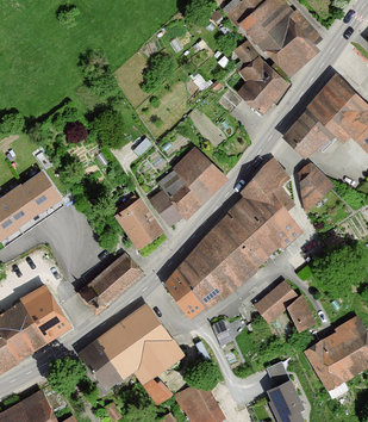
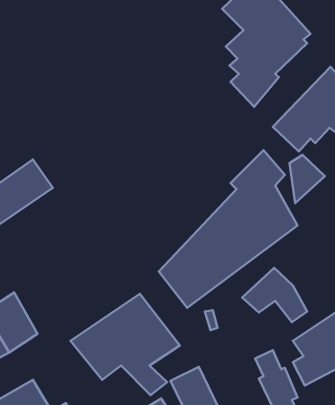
building: [150,148,222,229] -> none
building: [112,194,160,244] -> none
building: [74,254,141,315] -> none
building: [17,285,68,345] -> none

